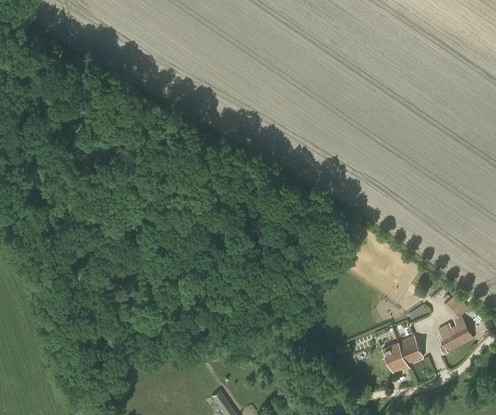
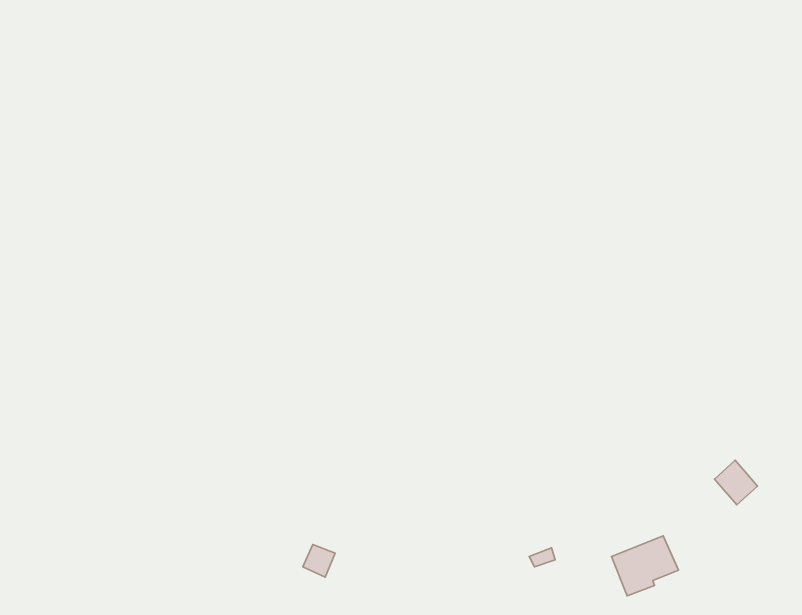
building: [437,321,475,354] -> none

